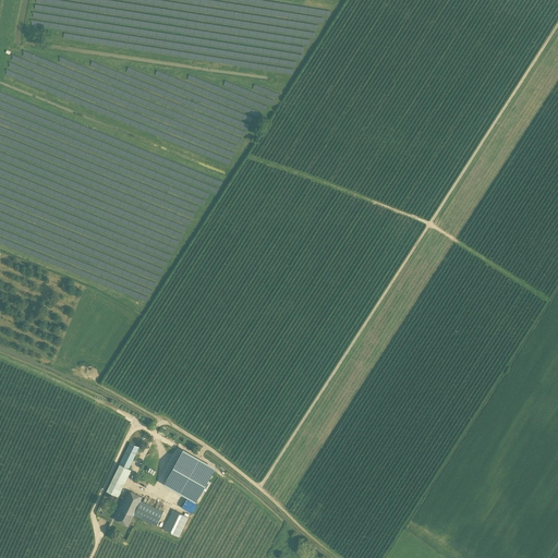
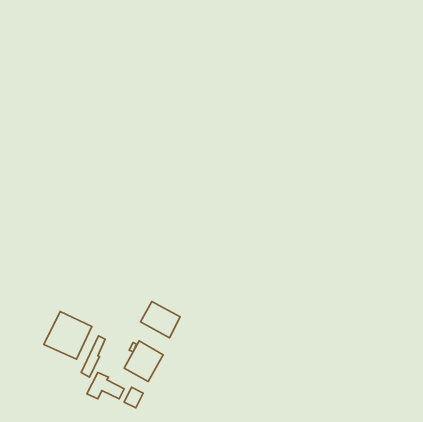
building: none -> [140,301,180,338]
building: none -> [44,311,92,359]

